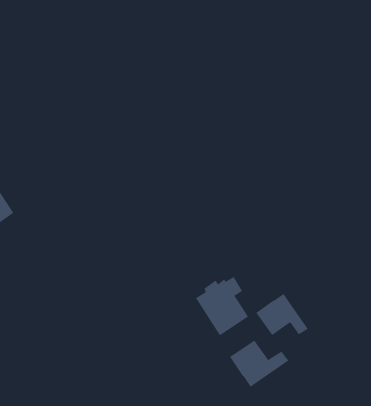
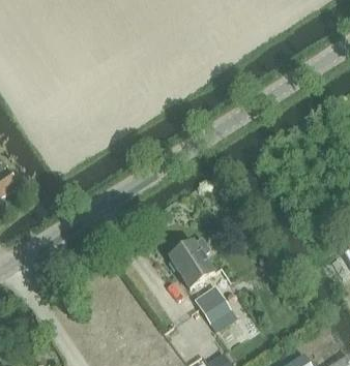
building: [256,293,308,336] -> none

